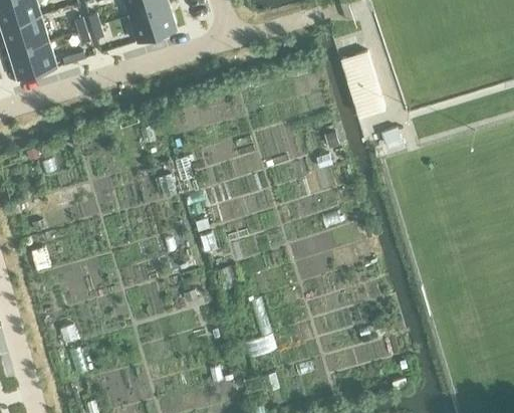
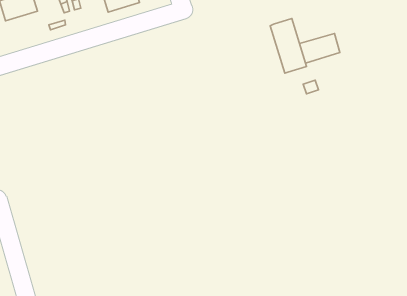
building: [9,41,57,79] -> none
building: none -> [299,33,340,63]

